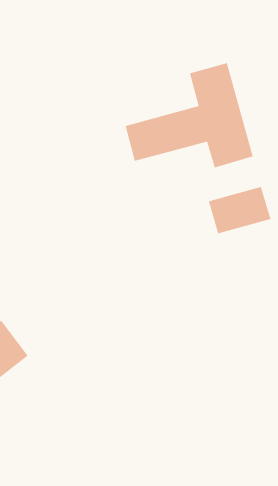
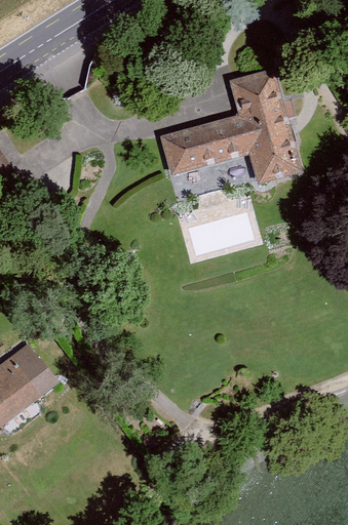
building: [208,186,271,234] -> none

